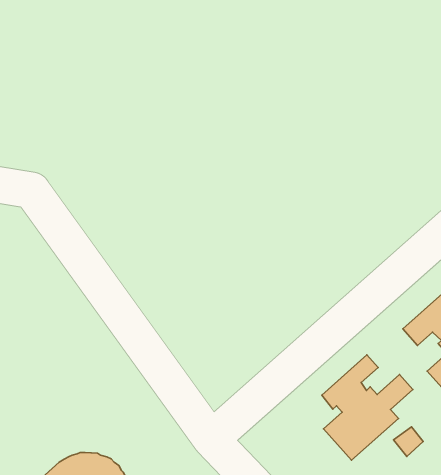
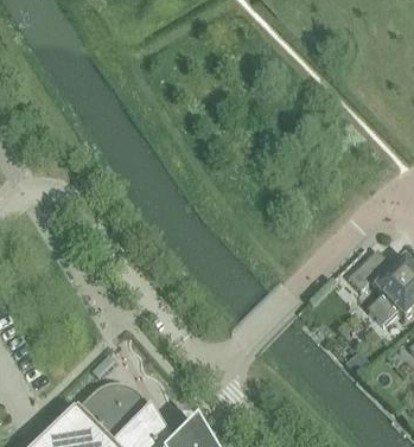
building: [322,355,413,460] -> none

